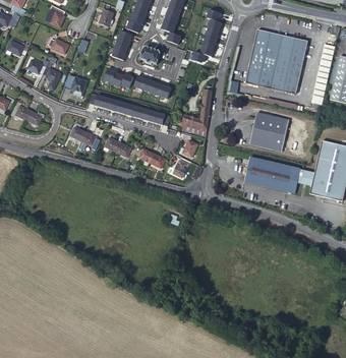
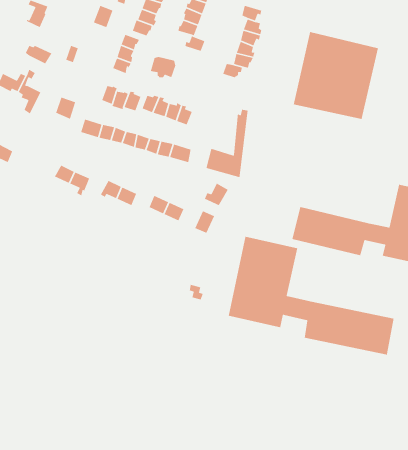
building: [249,112,288,151] -> none
building: none -> [228,236,395,355]

